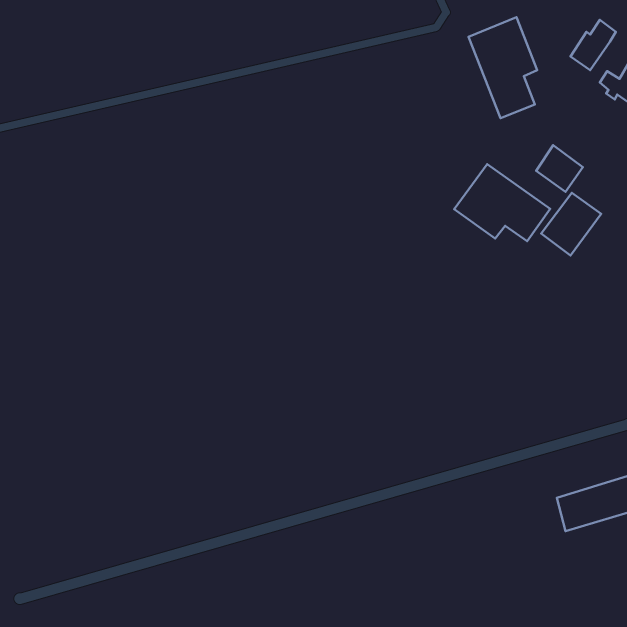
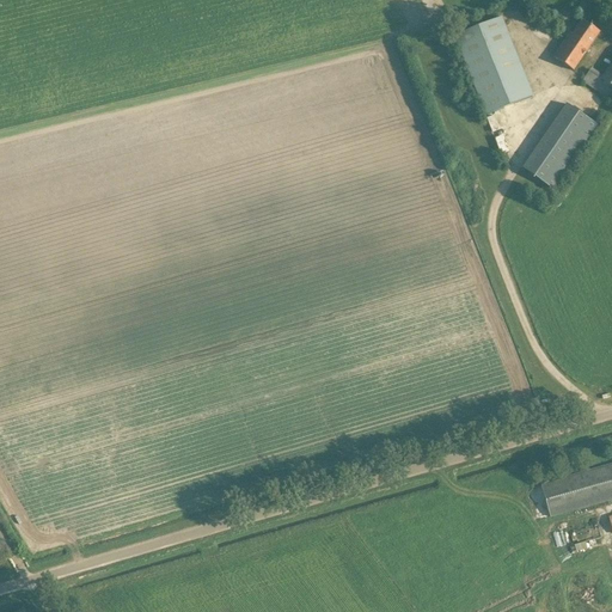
building: [454,164,550,241] -> none
building: [541,193,601,256] -> [539,102,598,163]

